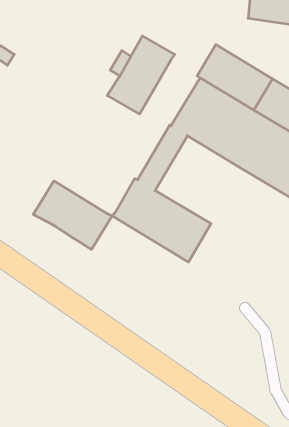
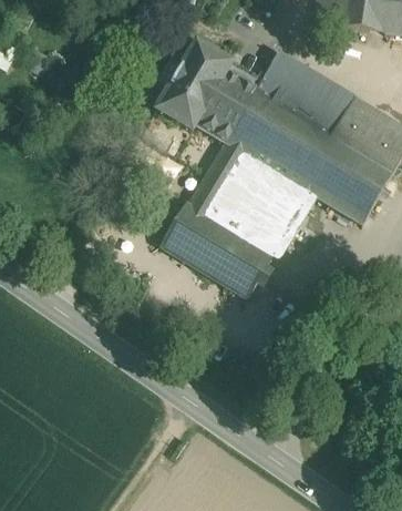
building: none -> [198,69,264,143]
building: none -> [213,154,308,253]
building: [33,181,112,249] -> none

